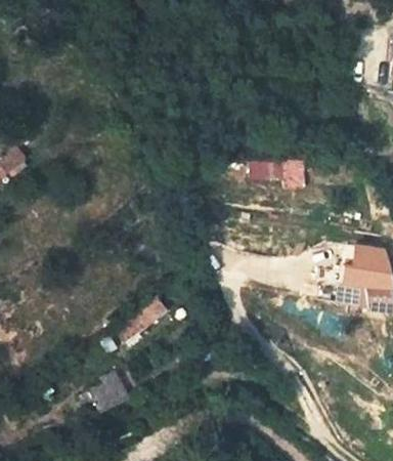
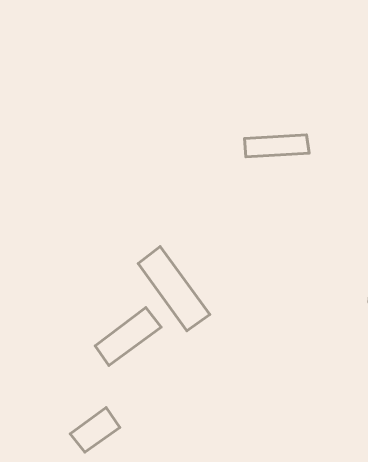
building: none -> [138,247,210,331]

